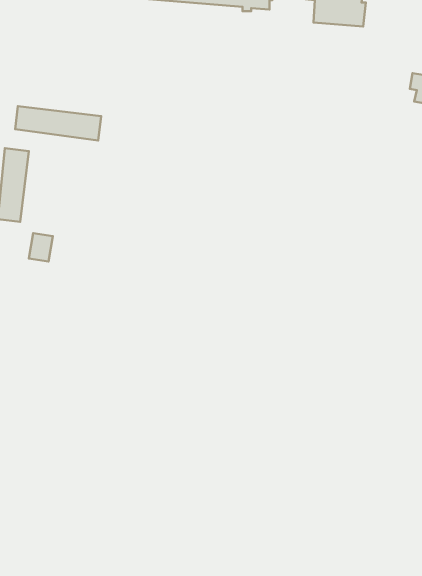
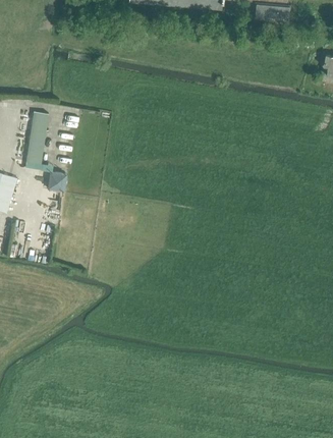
building: [15,106,101,140] -> none

